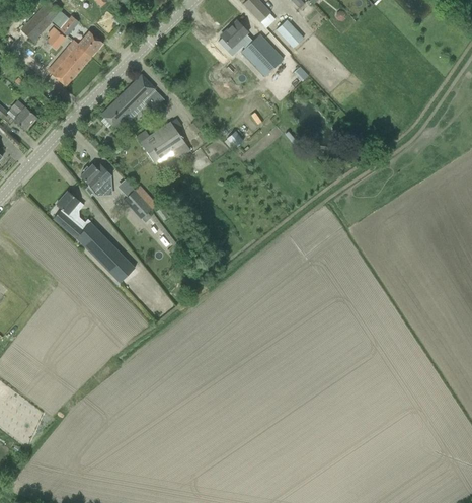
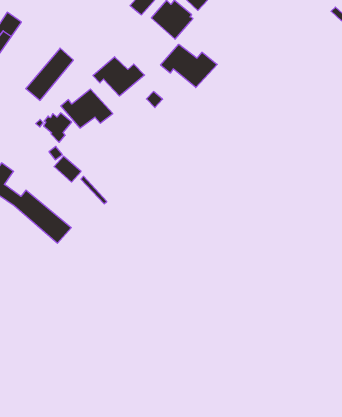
building: none -> [161,44,217,88]
building: none -> [93,57,145,96]
building: [80,163,110,195] -> [44,113,72,142]

